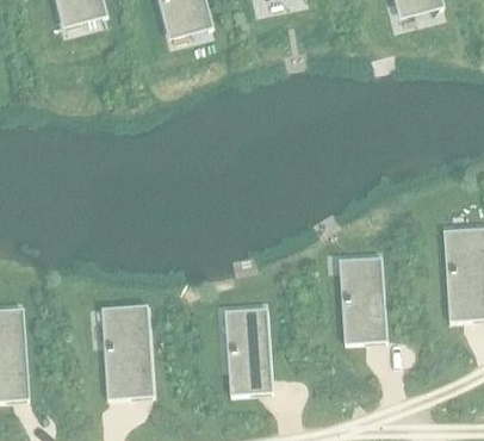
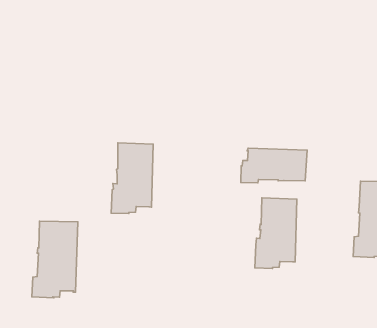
building: none -> [241,148,307,183]
building: [228,317,272,396] -> [111,143,153,214]

